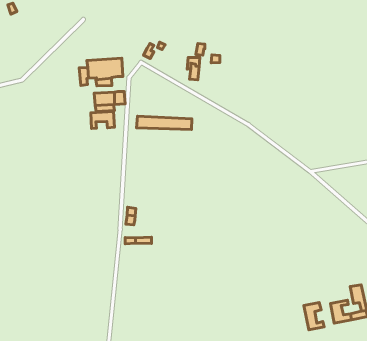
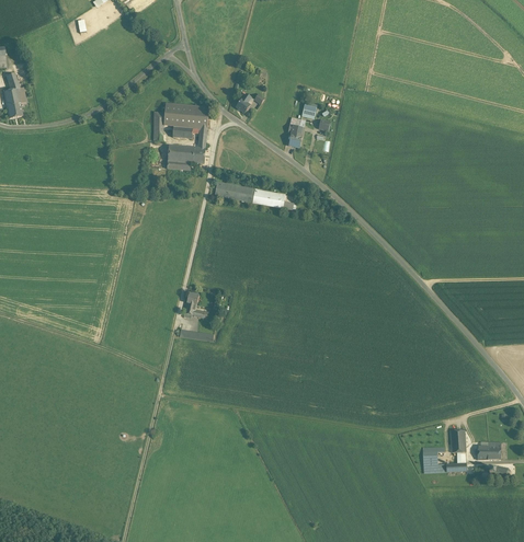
building: [91,111,114,129] -> none
building: [304,302,324,330] -> none

